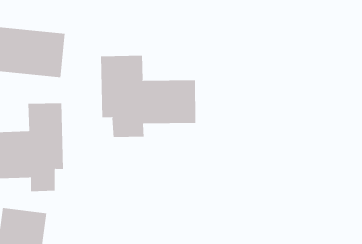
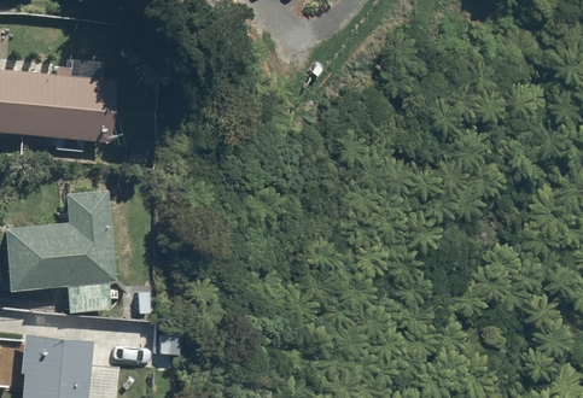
building: [100,55,196,138] -> none

